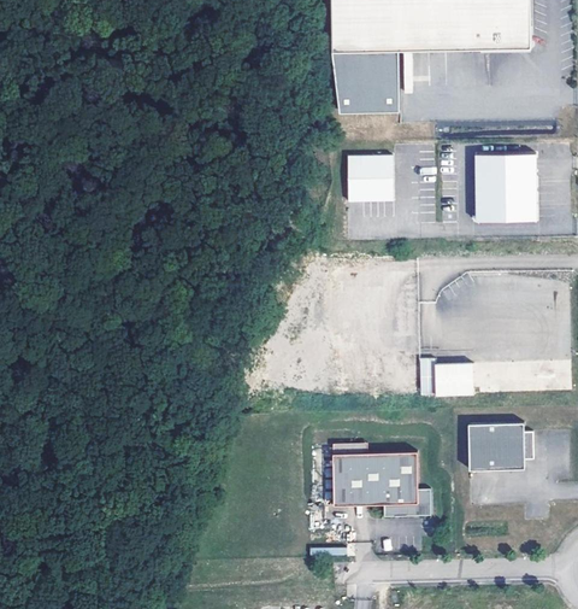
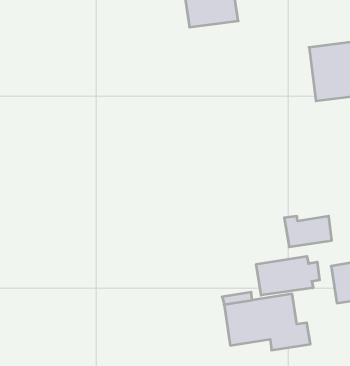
building: [348,154,393,200] -> none
building: none -> [256,256,320,295]

